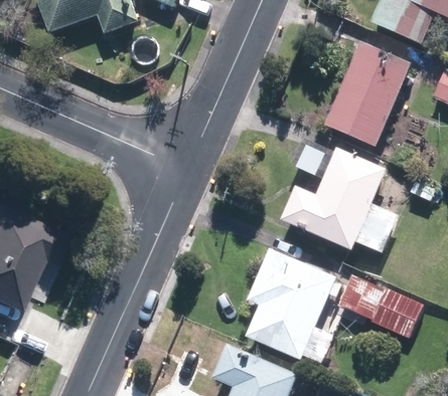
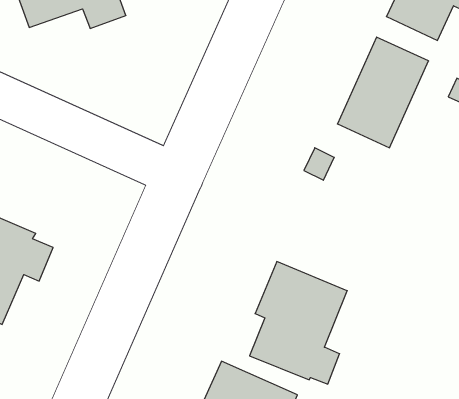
building: [286,148,399,253] -> none
building: [341,273,423,337] -> none

